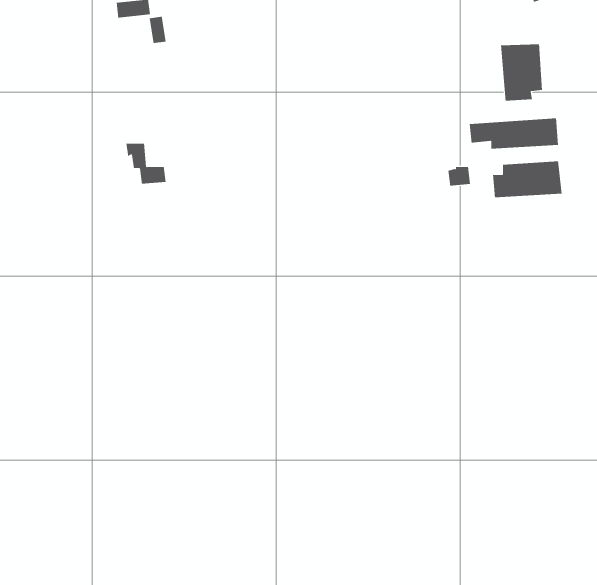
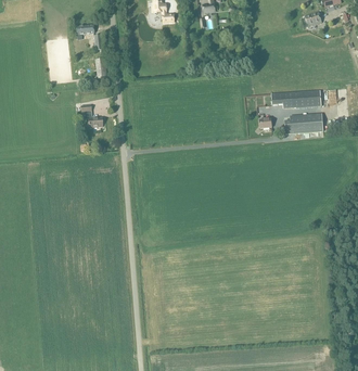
building: [501,44,543,101] -> none

